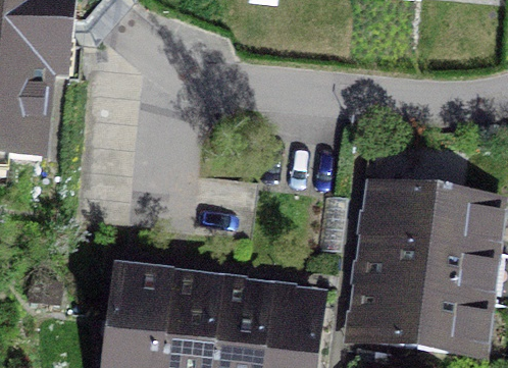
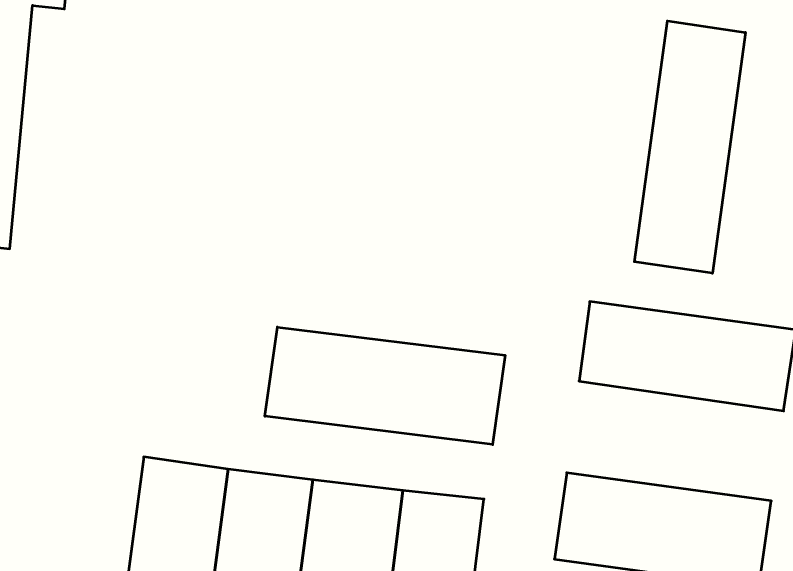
building: none -> [634,21,745,273]
building: none -> [265,327,505,445]
building: [364,228,490,298] -> none

